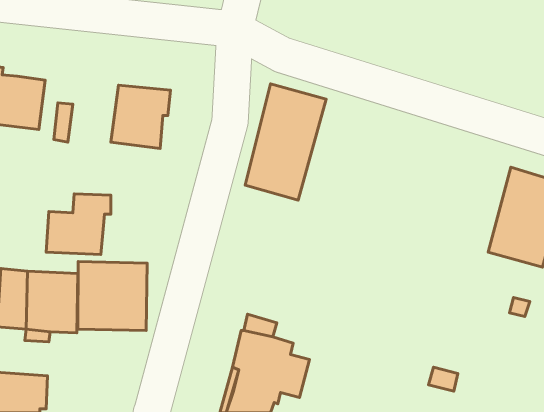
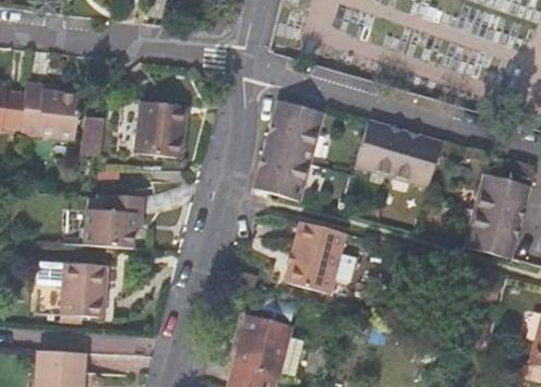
building: none -> [354,121,437,188]
building: none -> [286,221,356,298]
building: [78,261,147,331] -> none

